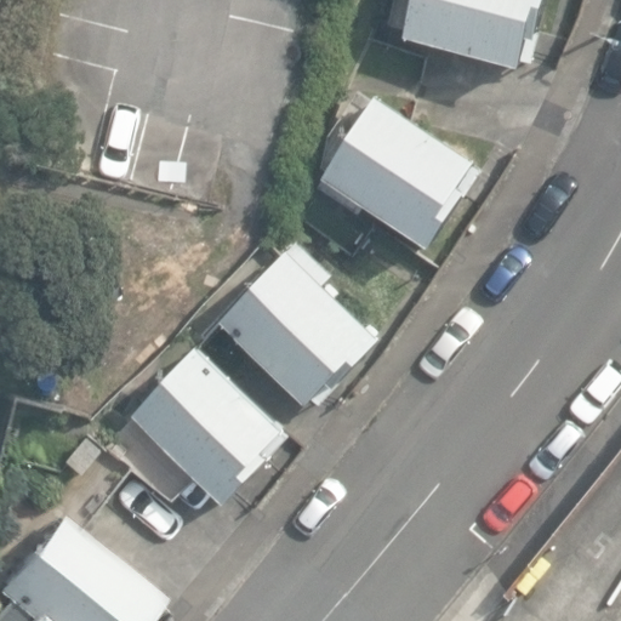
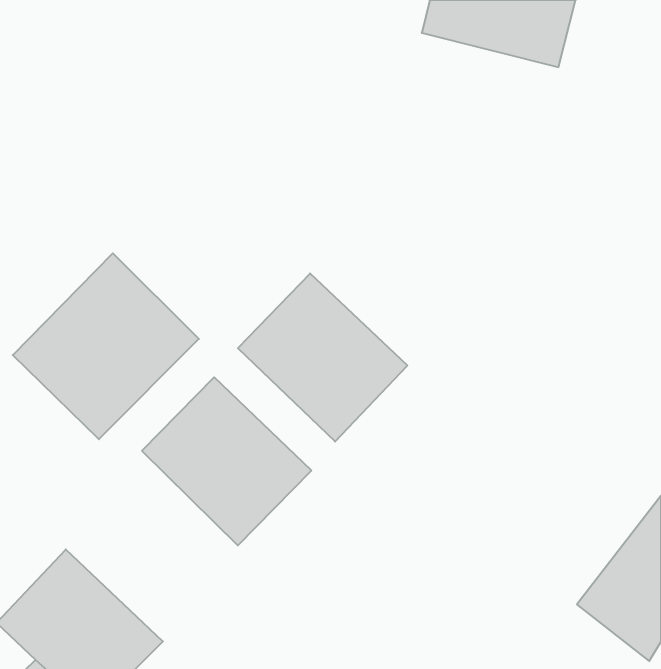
building: [318,99,475,249] -> none
building: none -> [13,253,199,439]

